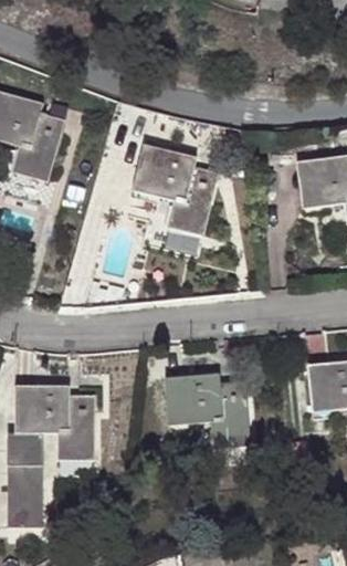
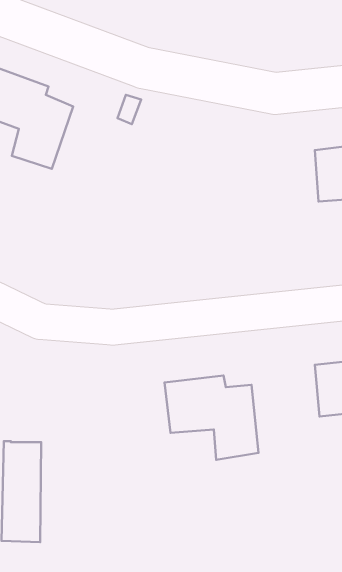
building: [133,146,222,238] -> none
building: [14,386,93,465] -> none

